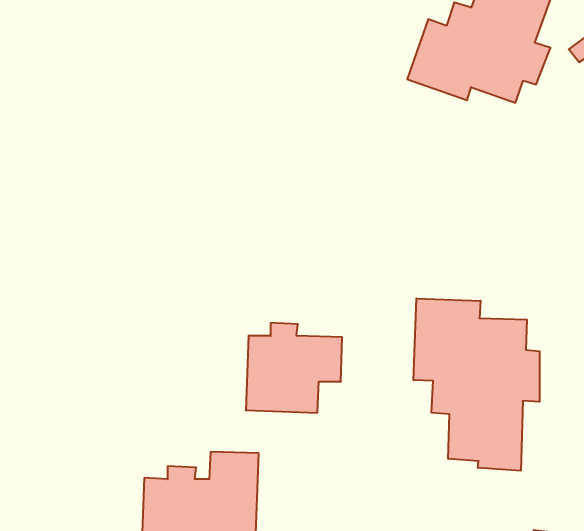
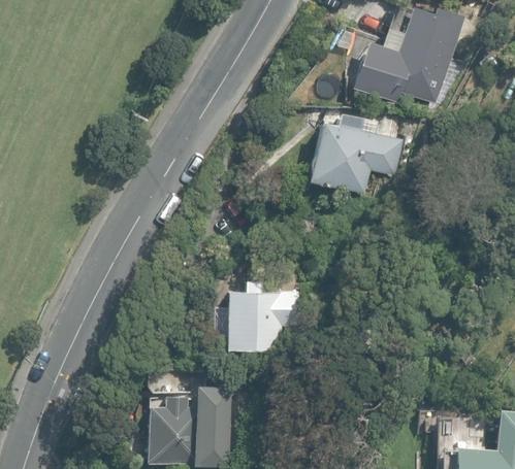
building: none -> [308,113,404,195]
building: [414,298,540,471] -> none

